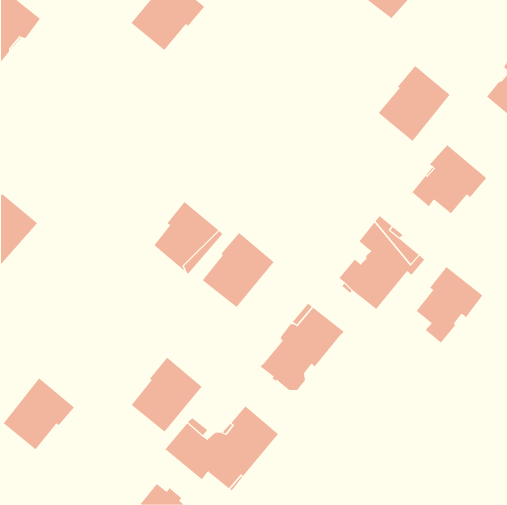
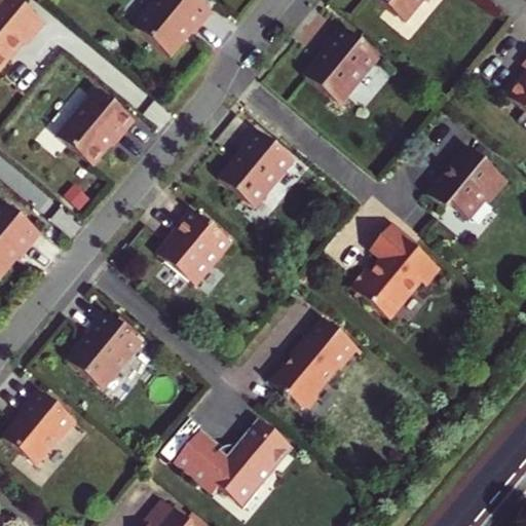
building: [378,65,451,142] -> [305,24,380,103]
building: none -> [59,86,135,163]
building: [202,232,275,308] -> [220,127,295,205]
building: [416,266,483,343] -> none
building: [131,357,203,433] -> [67,308,141,386]

